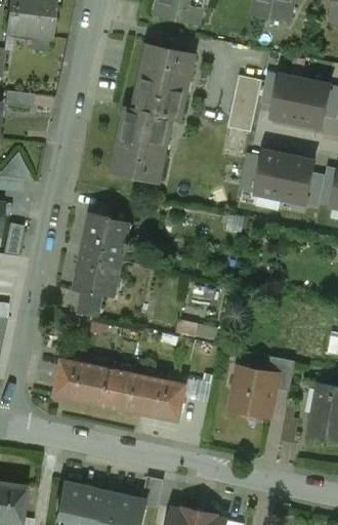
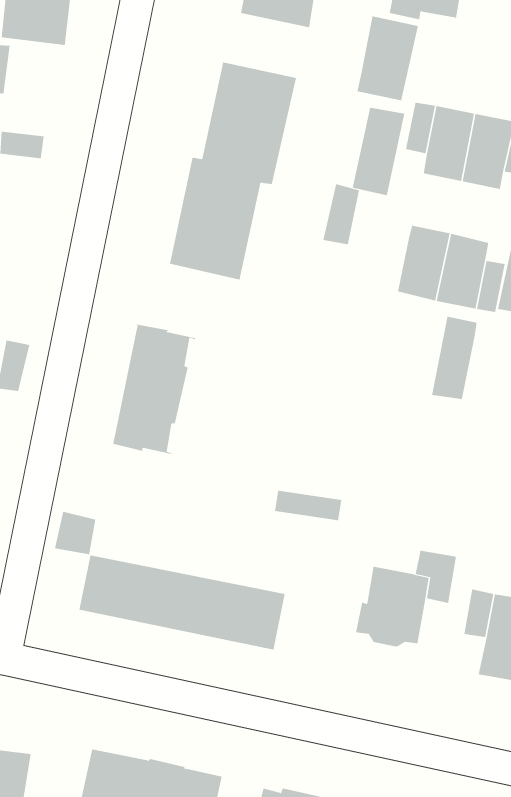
building: none -> [357,15,419,101]
building: [241,154,264,193] -> [323,184,360,245]
building: none -> [431,316,477,400]
building: [77,291,103,319] -> [54,511,96,555]

